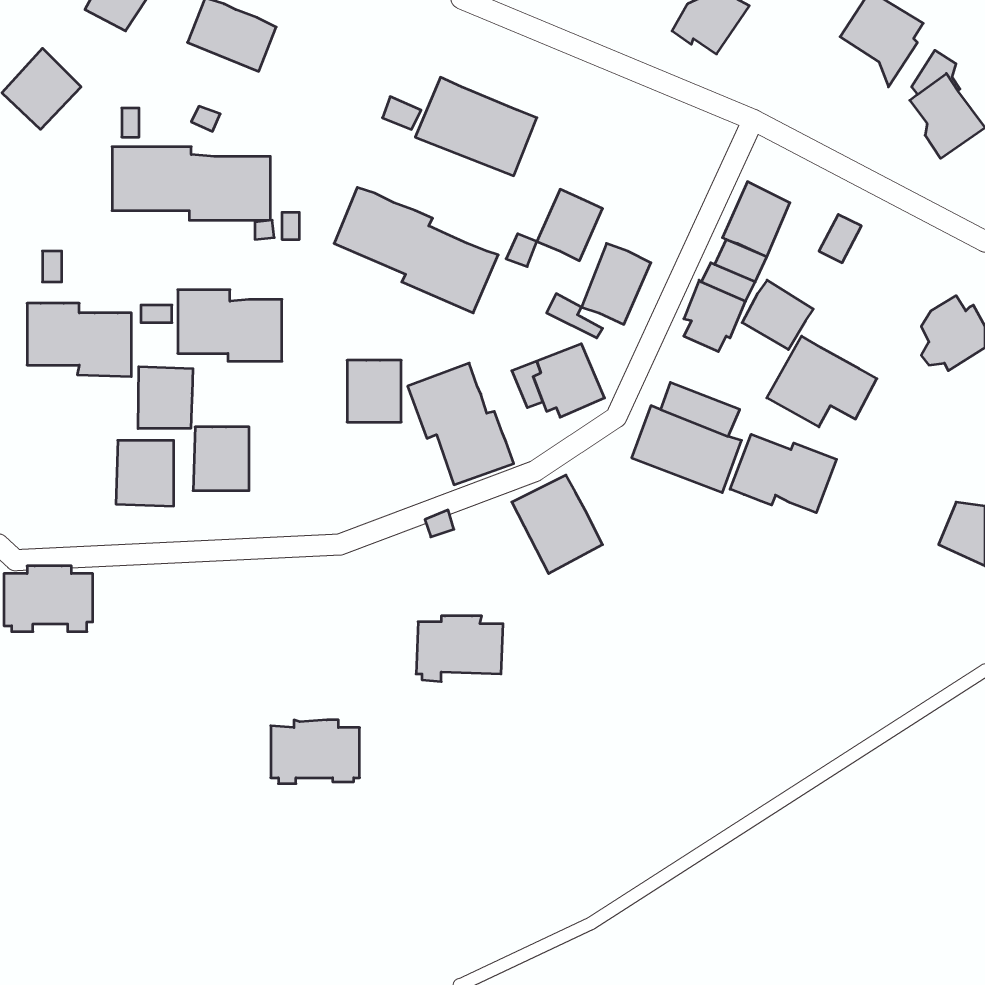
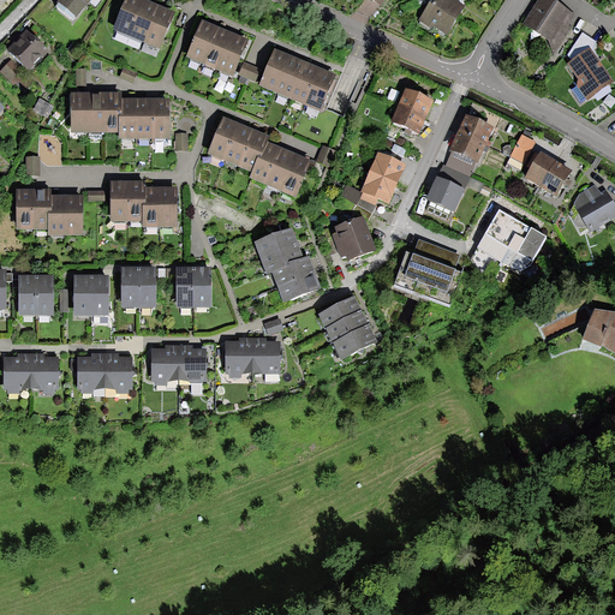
building: none -> [186,18,247,74]
building: [537,189,603,261] -> [390,89,431,133]
building: [742,280,813,350] -> [525,151,569,195]
building: [347,360,401,422] -> [175,267,209,305]
building: [138,367,193,429] -> none
building: [730,434,837,513] -> none
building: none -> [18,274,52,314]
building: none -> [77,352,131,393]
building: [416,616,503,682] -> [225,336,279,377]
building: [271,720,360,784] -> [150,344,205,383]

